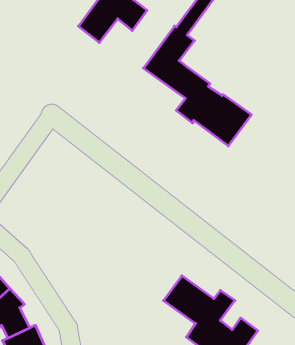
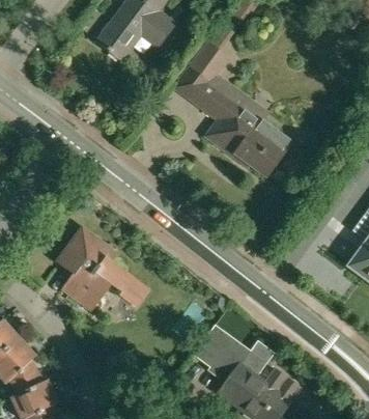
building: none -> [57,228,148,310]

